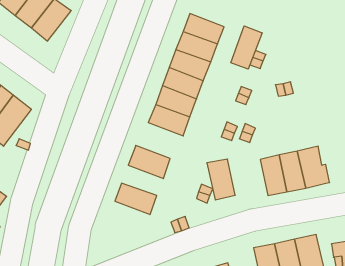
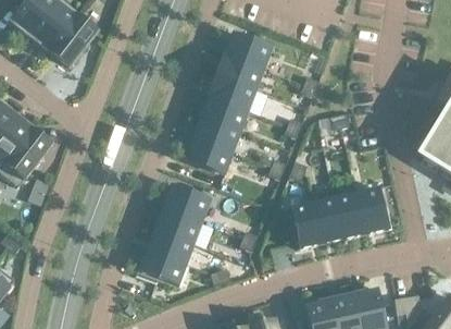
building: [231,26,262,69] -> none
building: [207,159,235,200] -> [288,202,321,248]
building: none -> [153,208,201,243]
building: none -> [136,249,186,284]

